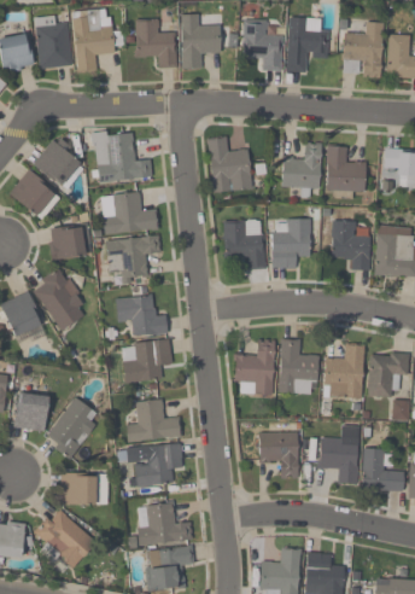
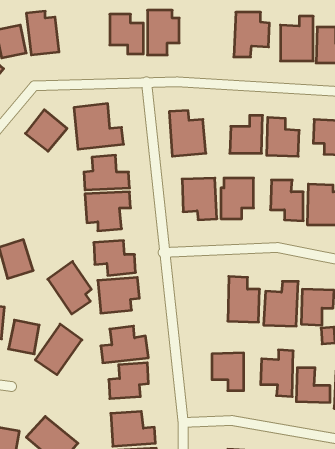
building: [72,8,113,72] -> none
building: [242,19,284,71] -> none
building: [8,169,60,221] -> none
building: [48,225,90,260] -> none
building: [31,267,84,331] -> [48,261,91,314]
building: [234,339,274,395] -> none
building: [60,474,107,506] -> none

